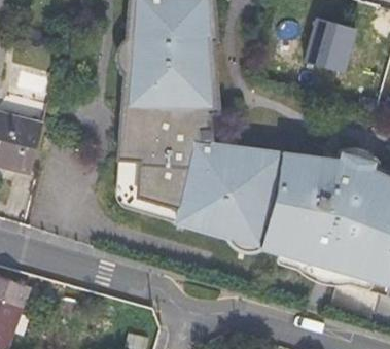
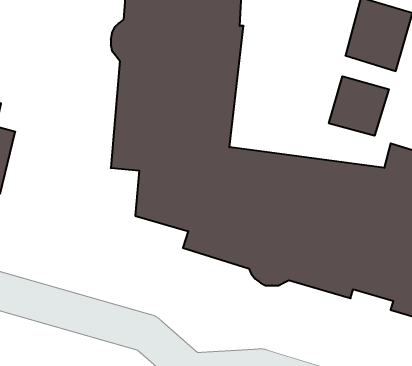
building: none -> [329,76,389,136]

